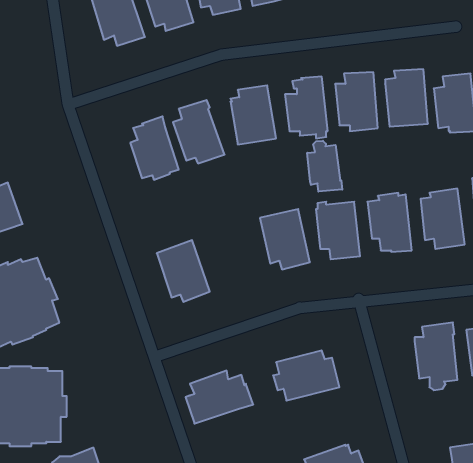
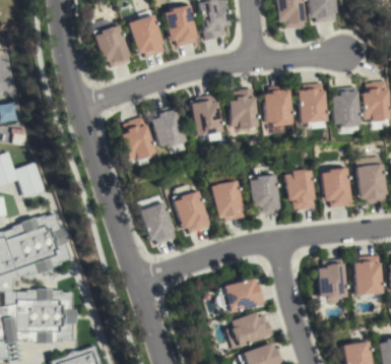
building: [307,141,342,192] -> none
building: none -> [173,190,210,233]
building: [186,371,253,424] -> [226,311,273,348]

